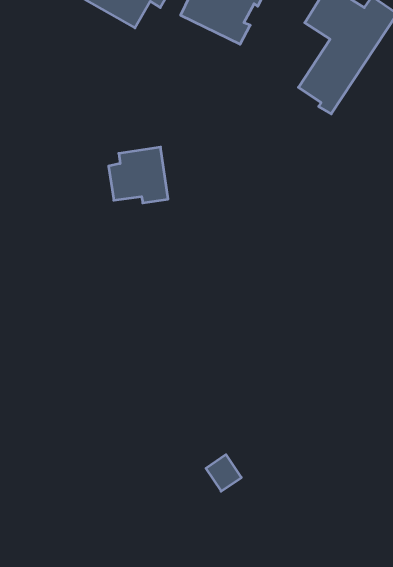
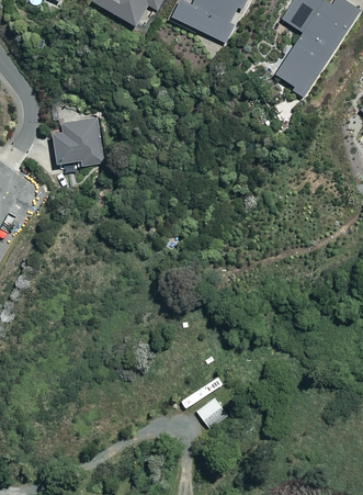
building: [109,147,168,203] -> [52,119,103,167]

